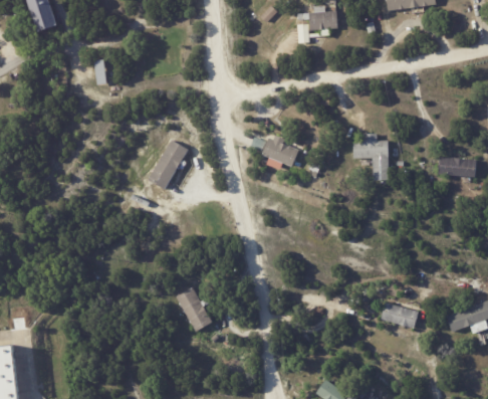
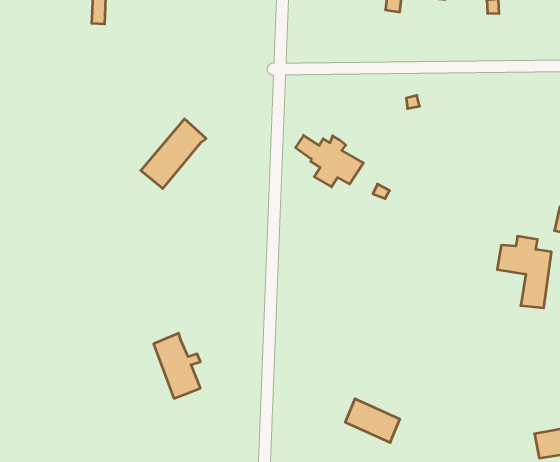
building: [353,134,390,181] -> [497,236,551,308]
building: [382,303,419,329] -> [345,399,400,443]

